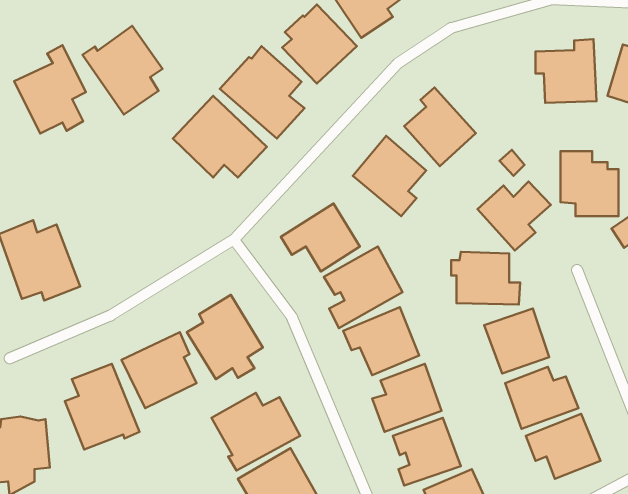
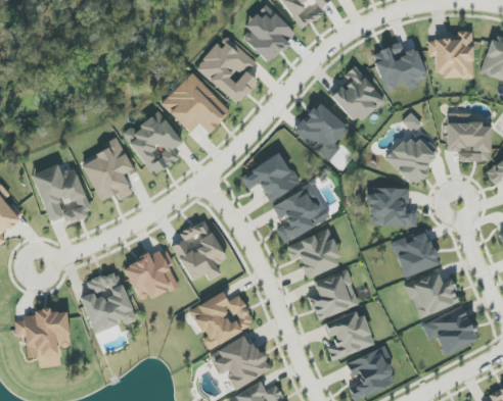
building: [82,26,163,114] -> [123,110,182,176]
building: [14,45,86,134] -> [81,136,134,201]
building: none -> [370,41,427,90]

